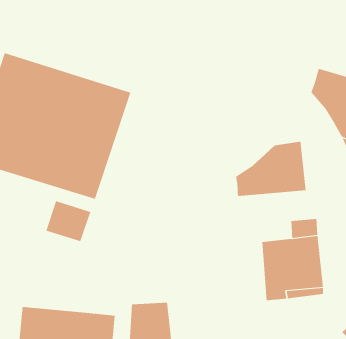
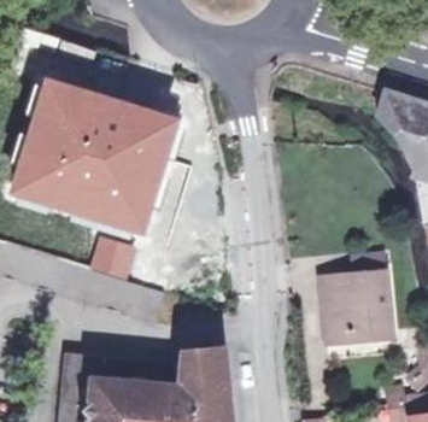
building: [235,141,306,197] -> none

